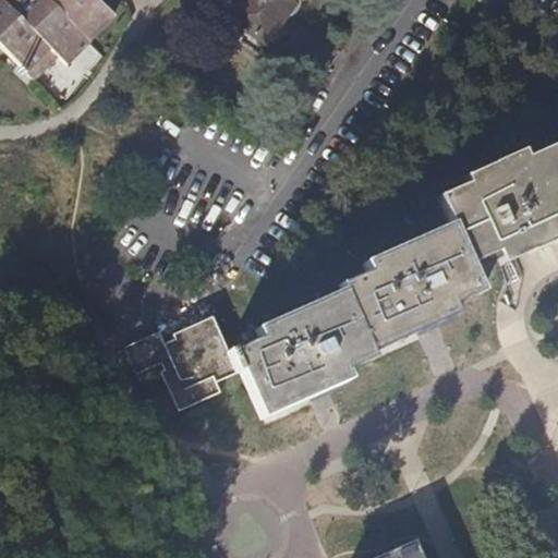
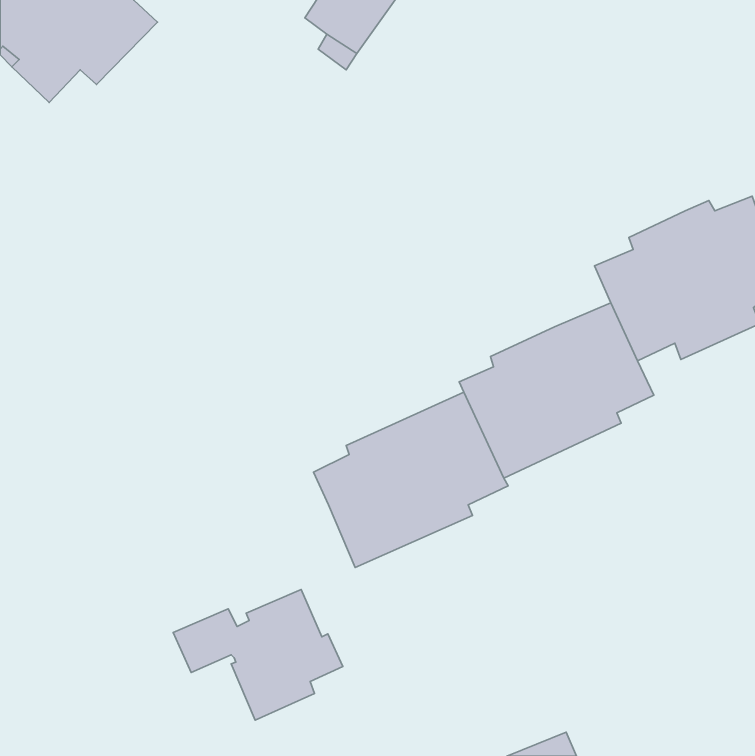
building: [120,314,244,410] -> [173,589,343,720]

